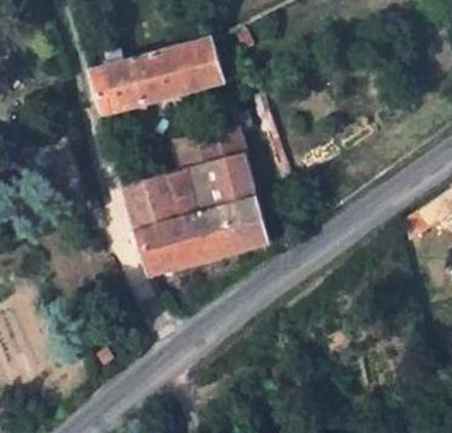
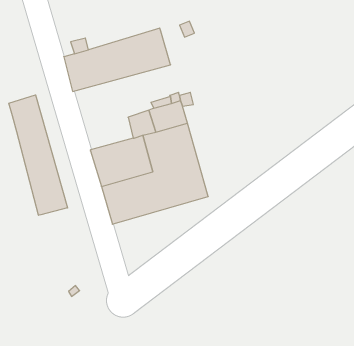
building: none -> [9,95,68,215]

